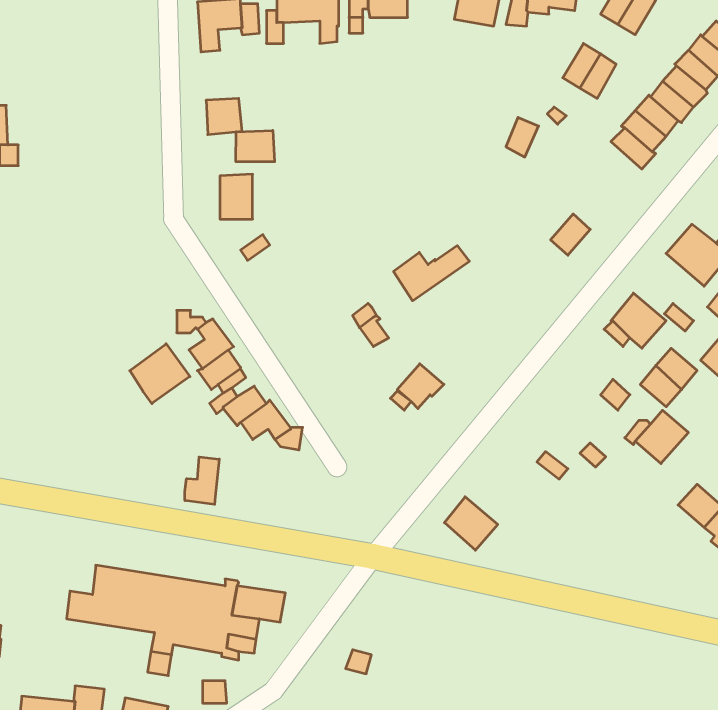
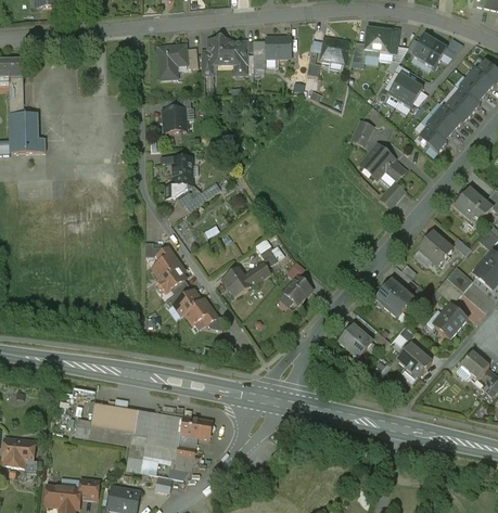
building: [236,130,275,162] -> none
building: none -> [359,143,406,179]
building: [394,246,469,301] -> [221,262,269,297]
building: [130,344,190,404] -> none
building: none -> [374,280,412,317]
building: [185,457,219,504] -> none
building: none -> [397,343,431,376]
building: [444,497,498,550] -> [339,324,372,358]

